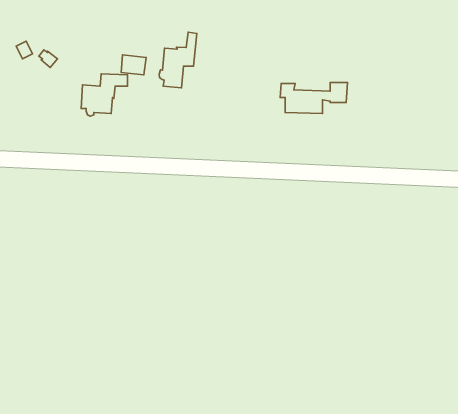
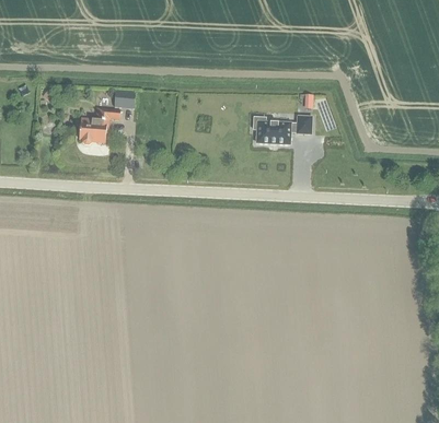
building: [159,32,197,88] -> none

